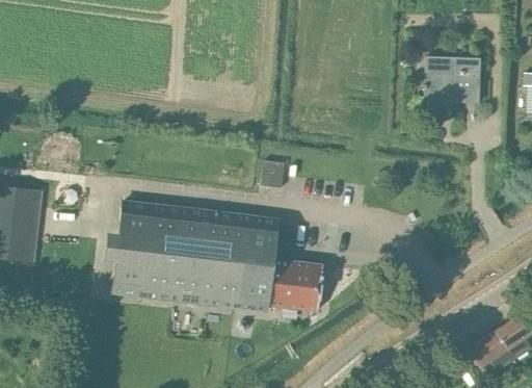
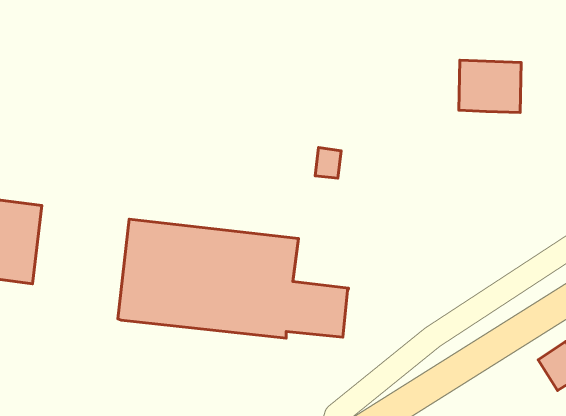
building: [261,160,285,188] -> [315,147,341,178]
building: [464,331,513,370] -> none

